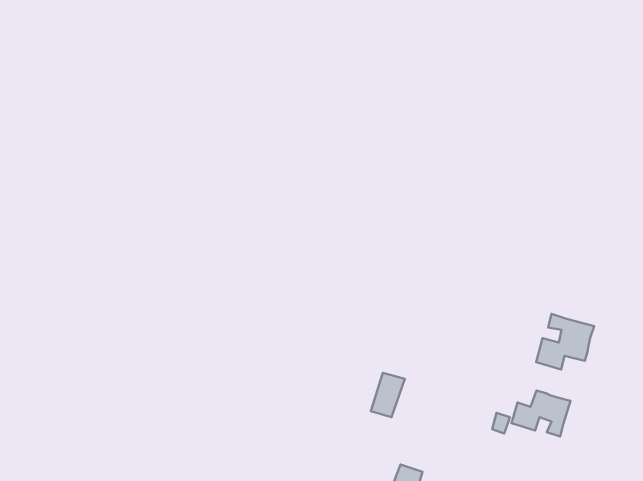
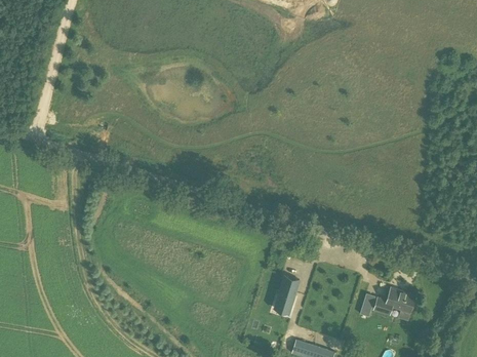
building: [536,314,594,370] -> none

